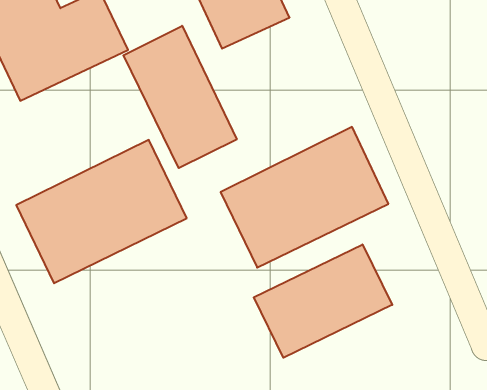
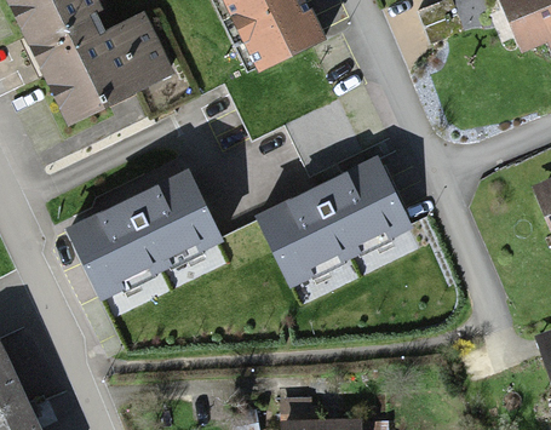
building: [123,26,237,168] -> none
building: [254,244,392,358] -> none

